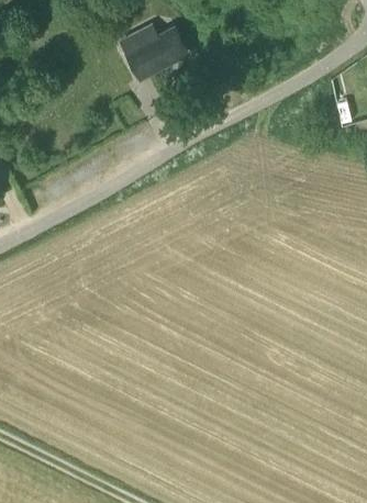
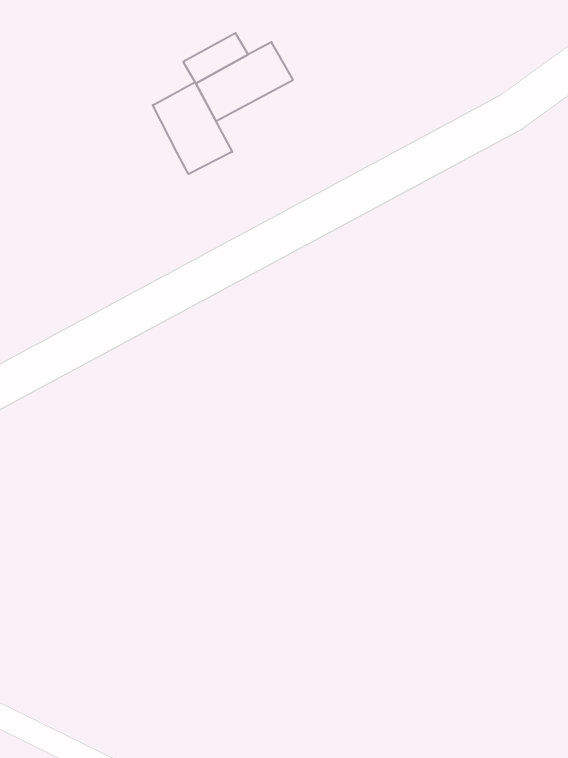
building: none -> [153,82,232,174]

